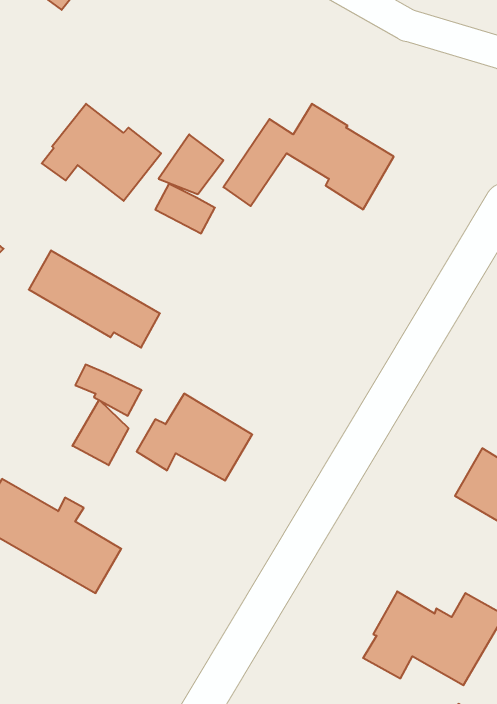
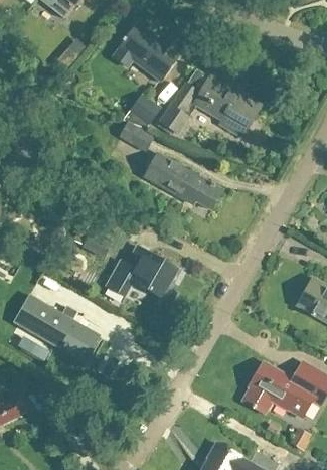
building: [42,104,161,201] -> [111,22,181,80]
building: [29,250,160,348] -> [144,152,221,209]
building: [72,400,128,465] -> none

